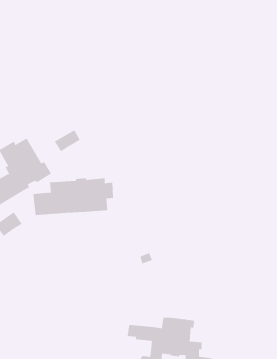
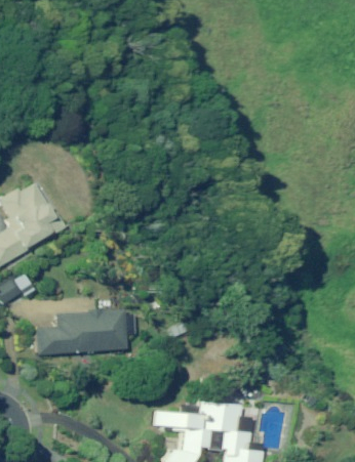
building: [54,129,81,152] -> none
building: [32,178,114,216] -> [36,308,135,354]

